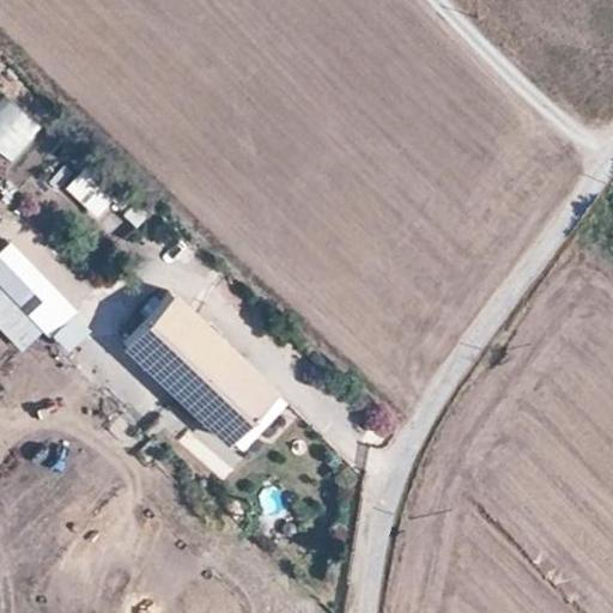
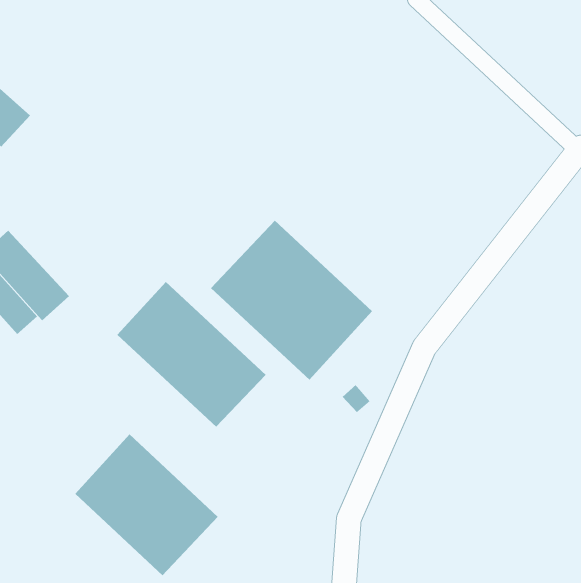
building: none -> [210,220,373,381]
building: none -> [74,434,219,576]

